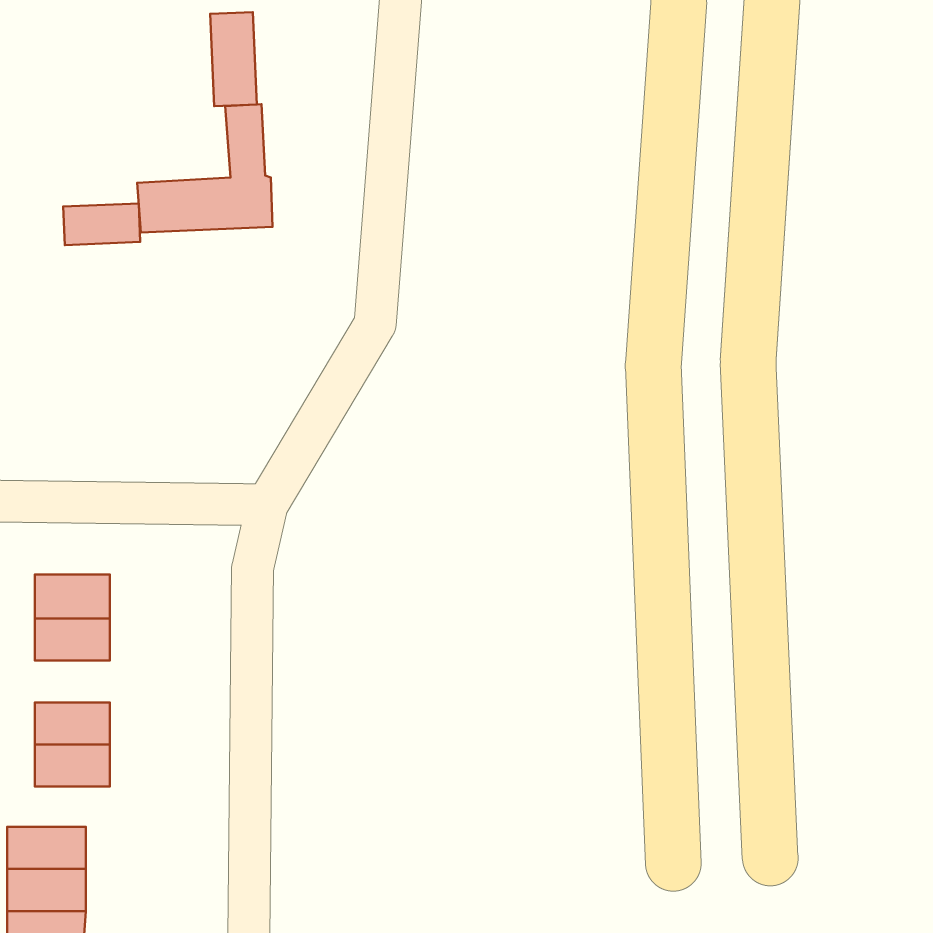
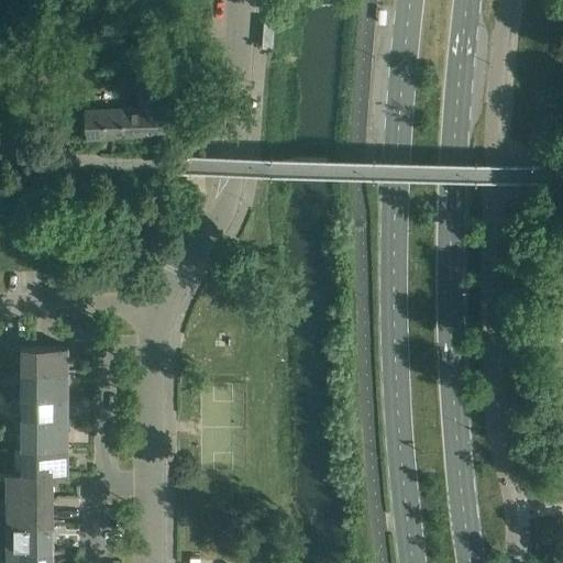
building: [210,12,257,106] -> none
building: [63,203,140,245] -> none
building: none -> [21,398,66,423]
building: none -> [4,473,52,498]

